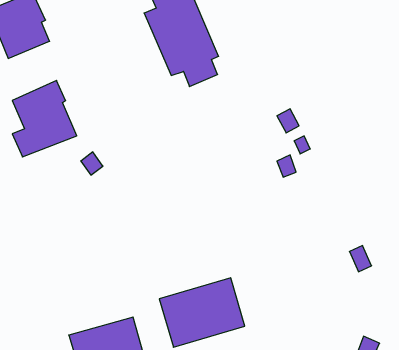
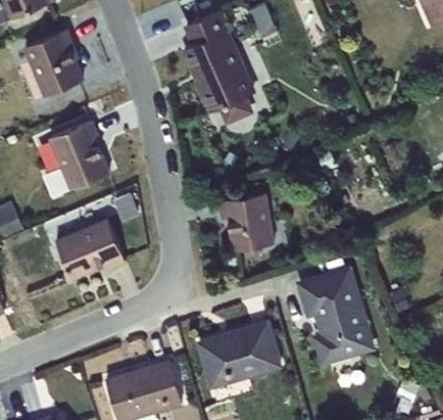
building: none -> [216,193,274,250]
building: none -> [54,218,125,280]
building: none -> [294,264,375,365]

